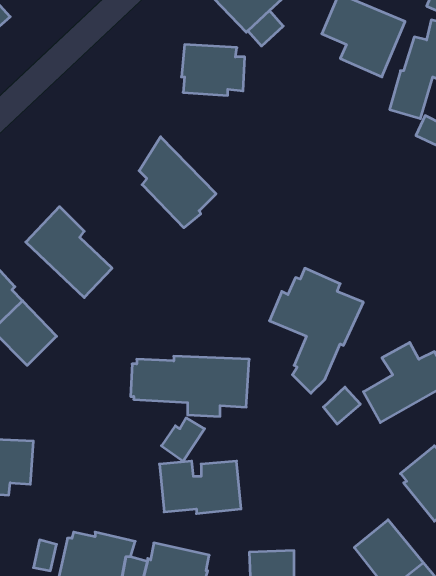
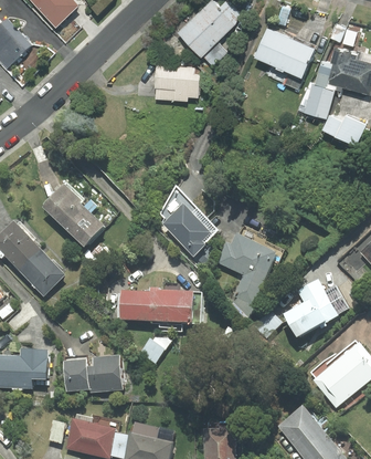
building: [139,137,216,228] -> [160,189,215,254]
building: [159,461,241,514] -> [63,355,121,393]

